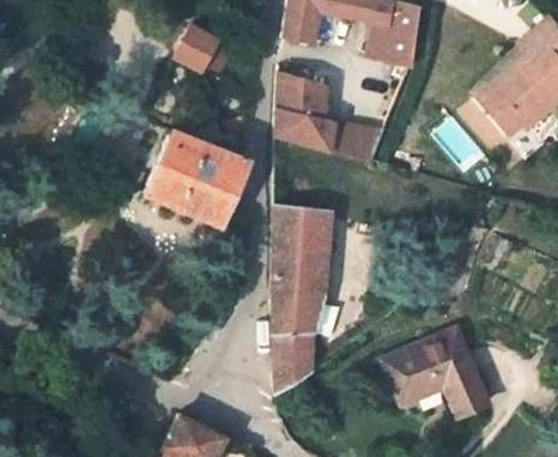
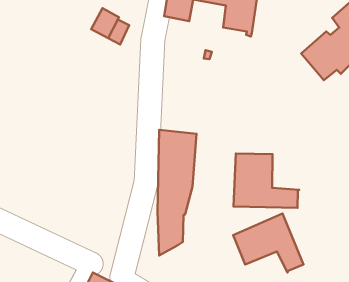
building: [275,72,384,162] -> none
building: [145,130,243,224] -> none
building: none -> [234,153,299,208]

